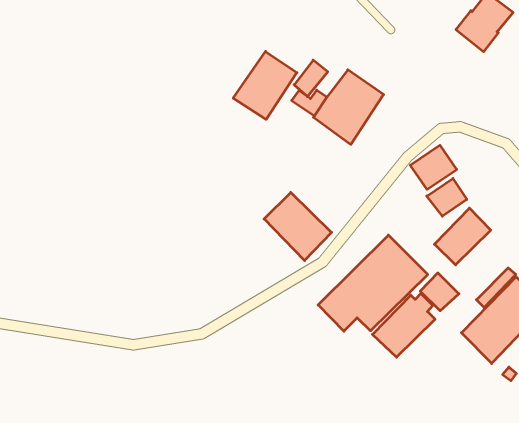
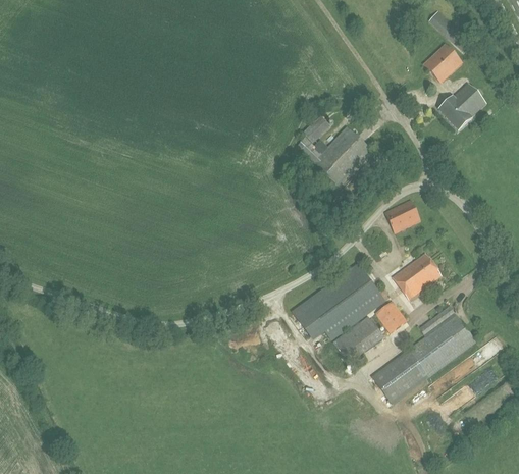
building: [233,51,297,119] -> none
building: [427,178,467,216] -> none
building: [264,192,332,261] -> none
building: none -> [372,353,424,403]

